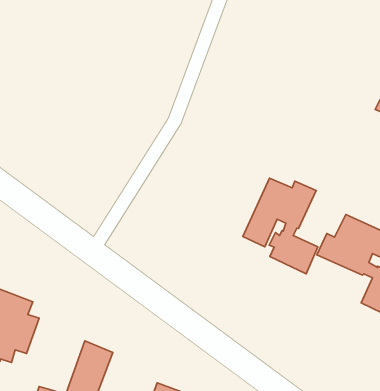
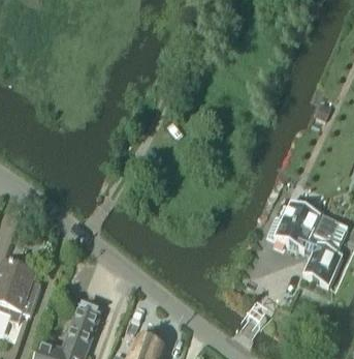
building: [243,178,318,274] -> none

